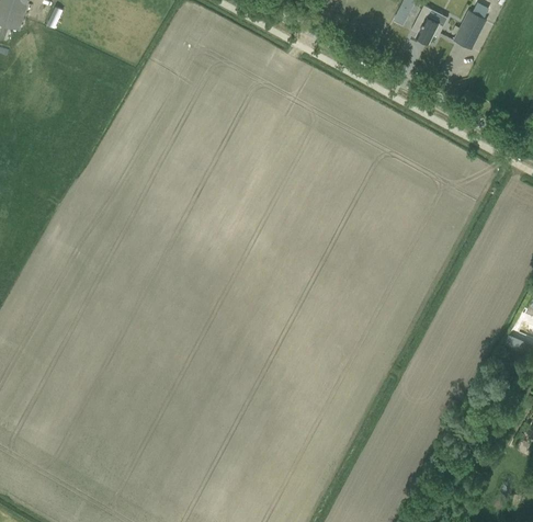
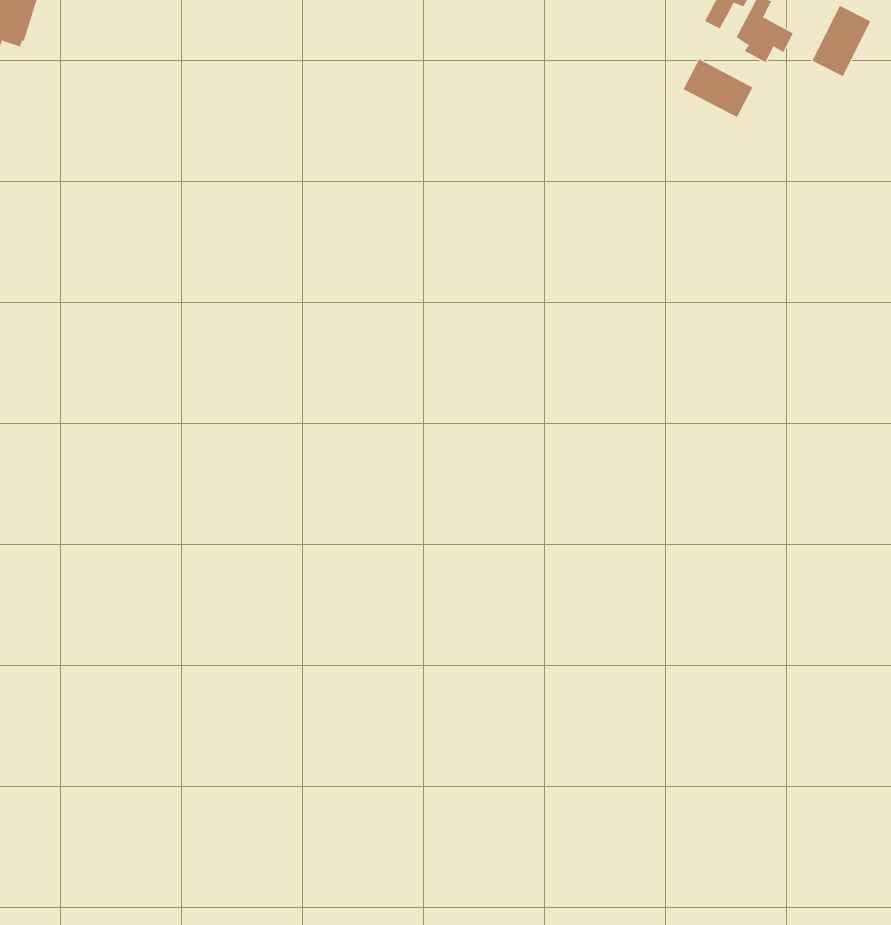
building: none -> [683,59,753,118]

